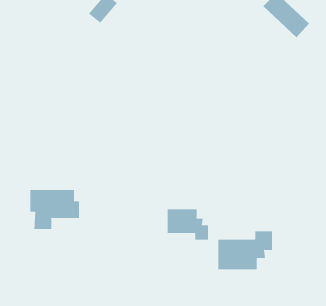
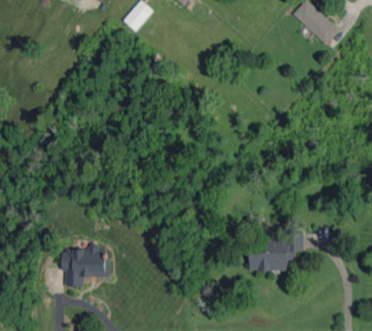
building: [30,190,80,230] -> [61,249,110,288]
building: [167,209,209,241] -> none

